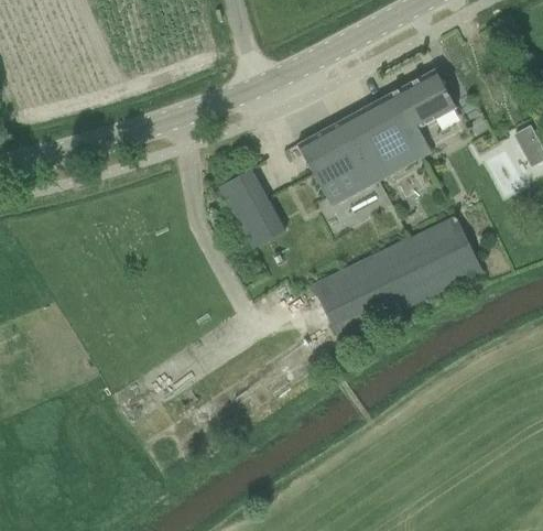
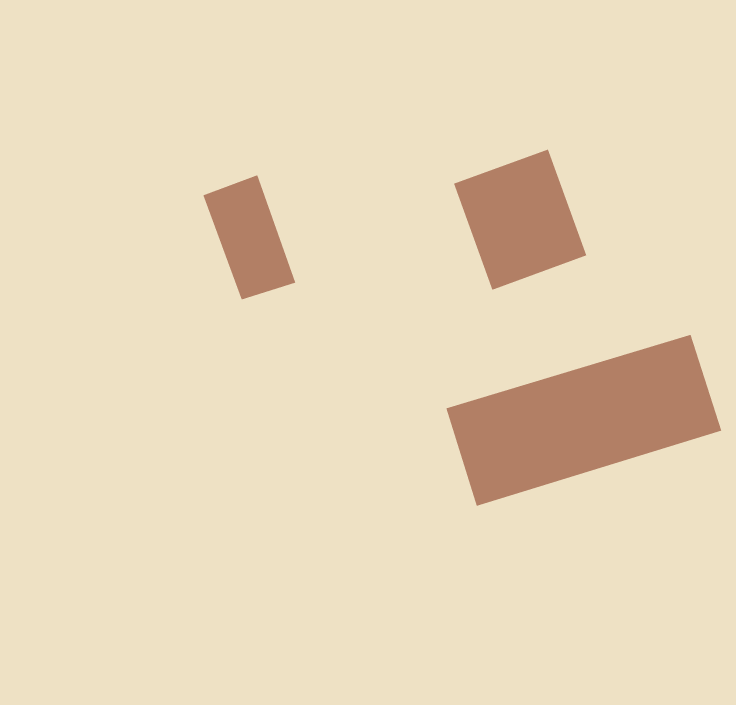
building: [352,69,455,176] -> none
building: [219,170,284,248] -> [203,174,296,300]

